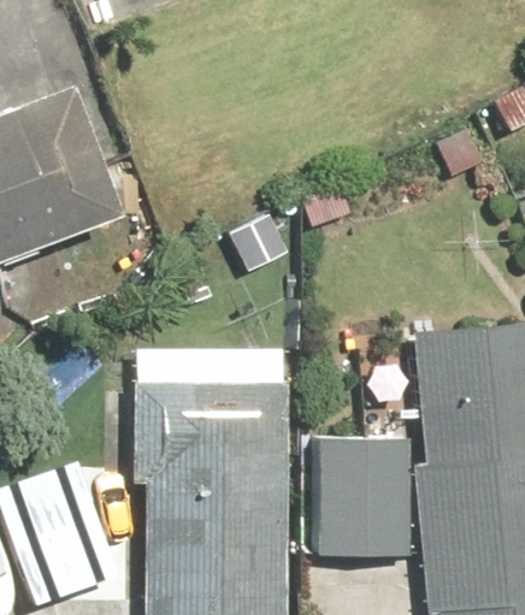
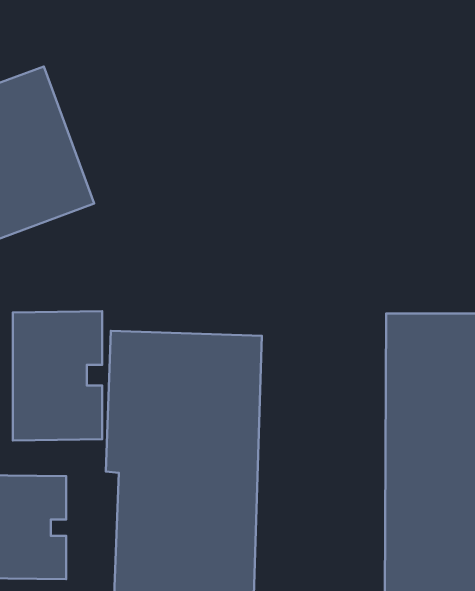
building: none -> [13,311,102,441]
building: [318,437,413,563] -> none

